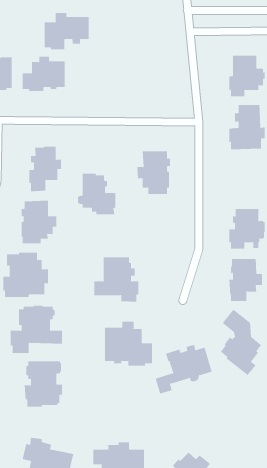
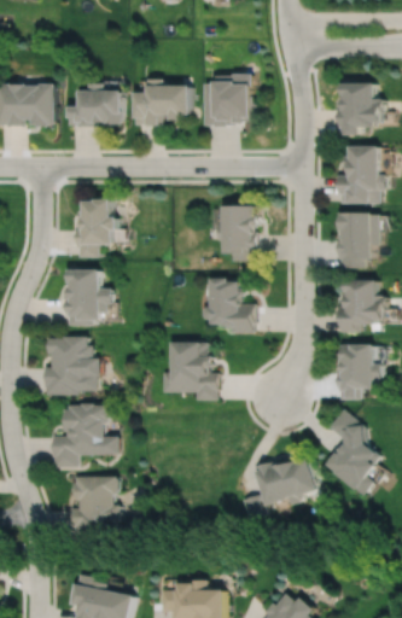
building: [44,13,89,50] -> [134,77,193,126]
building: none -> [204,71,260,126]
building: none -> [337,211,379,268]
building: [77,173,116,215] -> [205,278,256,332]
building: [104,321,153,367] -> none

